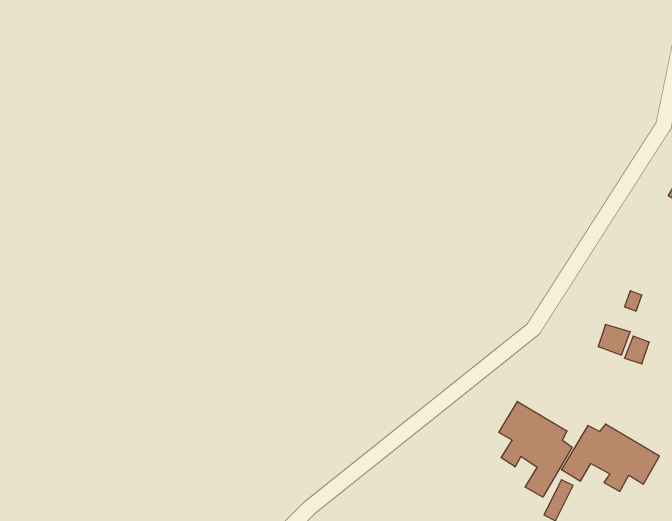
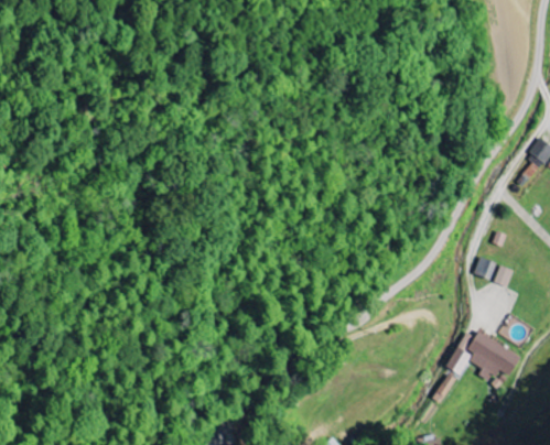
building: [499,401,572,497] -> none

